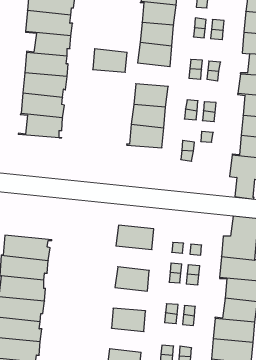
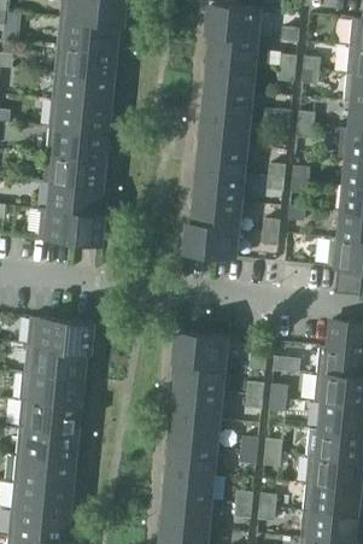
building: [93,49,127,72] -> [200,115,246,146]
building: none -> [41,210,101,244]
building: none -> [185,224,235,257]
building: none -> [25,316,90,351]
building: none -> [174,359,222,392]
building: none -> [170,415,216,446]
building: none -> [165,469,211,502]

